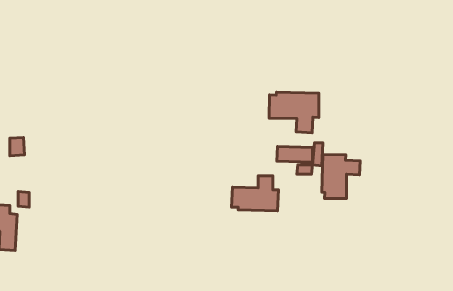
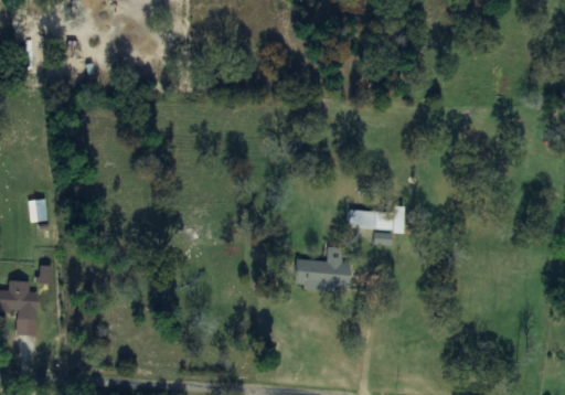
building: [269,92,319,133] -> none
building: [322,155,360,199] -> none

